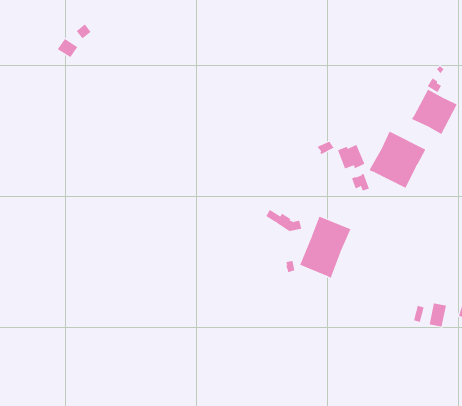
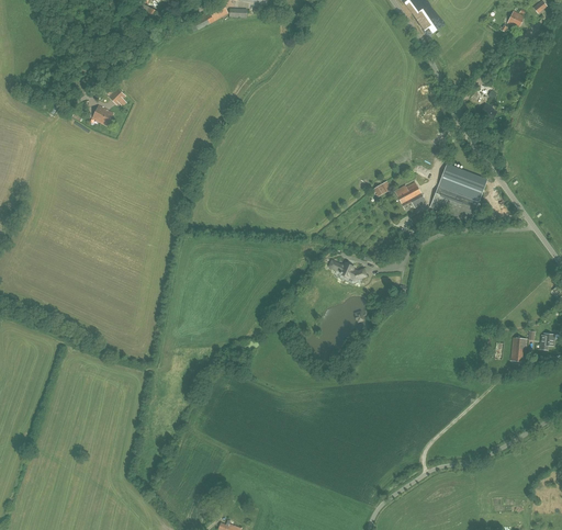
building: [412,89,458,135] -> none
building: [299,216,351,278] -> none

